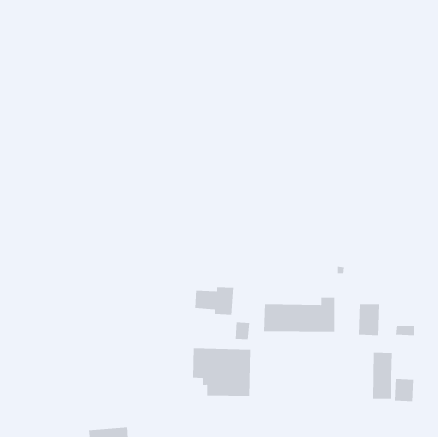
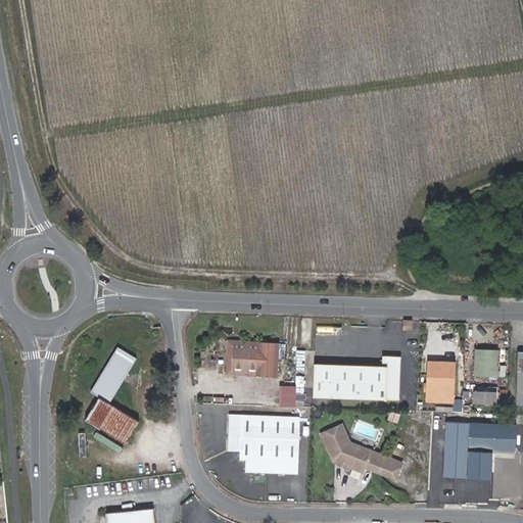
building: none -> [227,342,257,376]
building: none -> [474,349,497,377]
building: none -> [86,351,138,447]
building: none -> [468,422,514,450]
building: none -> [322,425,401,477]

